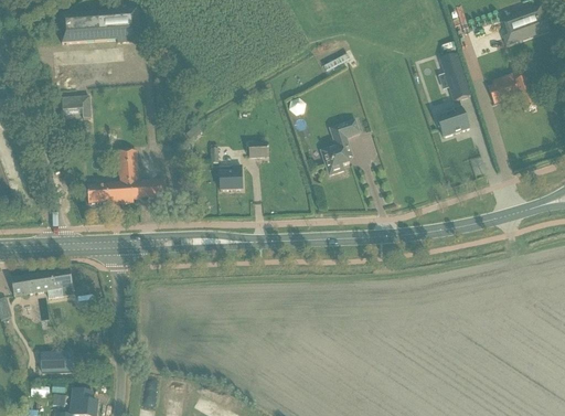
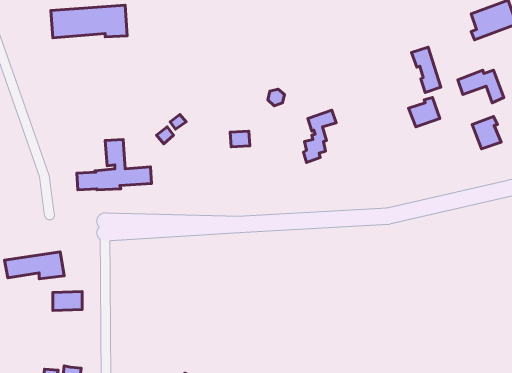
building: [61,96,89,118] -> none
building: none -> [472,116,501,149]
building: [217,166,242,190] -> none
building: [40,351,71,371] -> [53,292,82,310]

